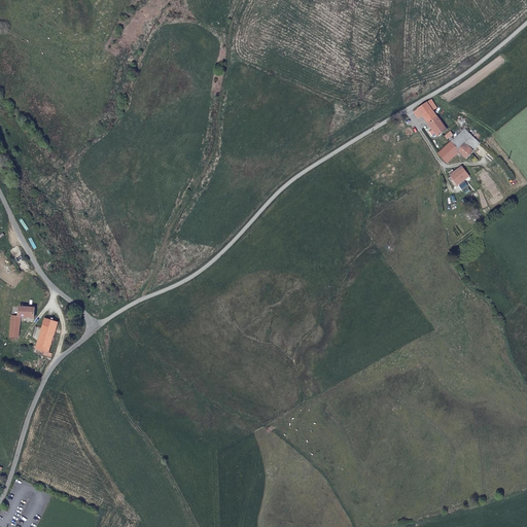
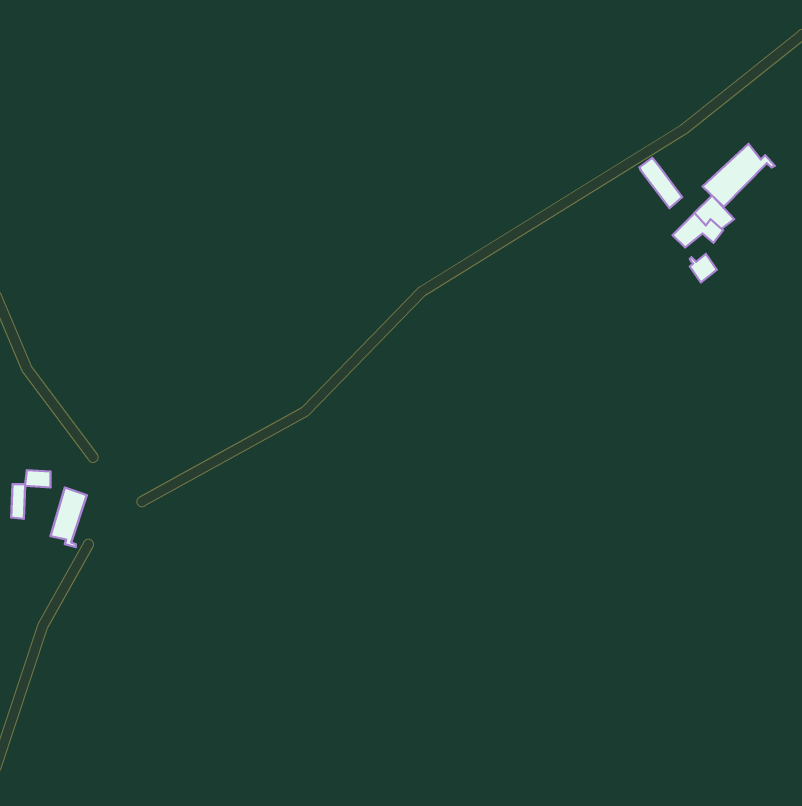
building: none -> [703,144,775,207]

